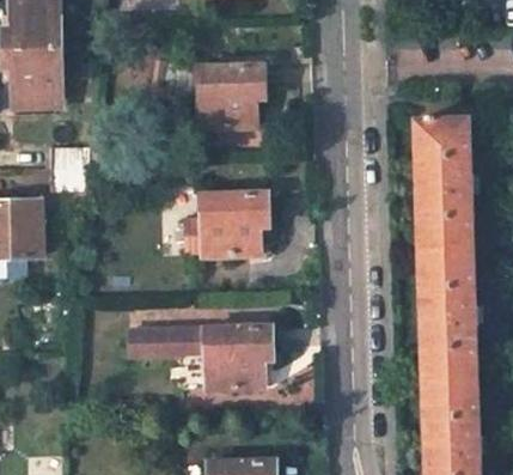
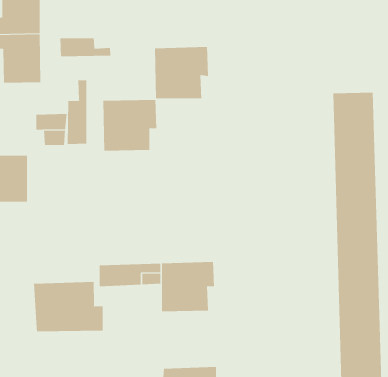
building: none -> [60,37,111,57]
building: none -> [67,80,87,145]
building: [201,193,268,256] -> [102,100,157,151]
building: none -> [34,281,103,332]

